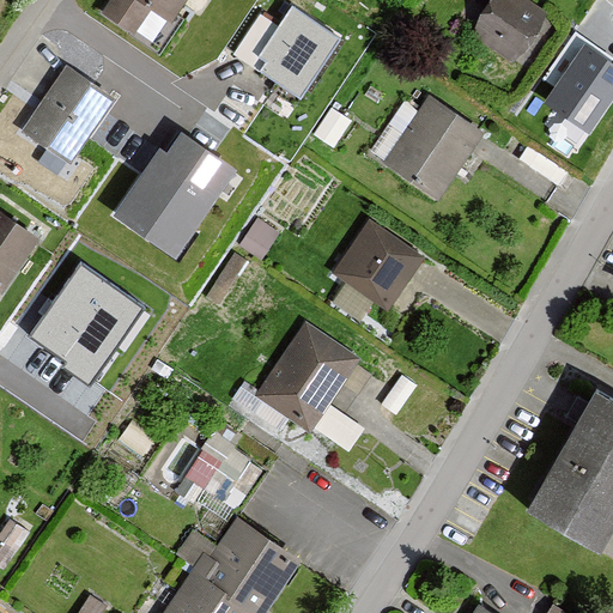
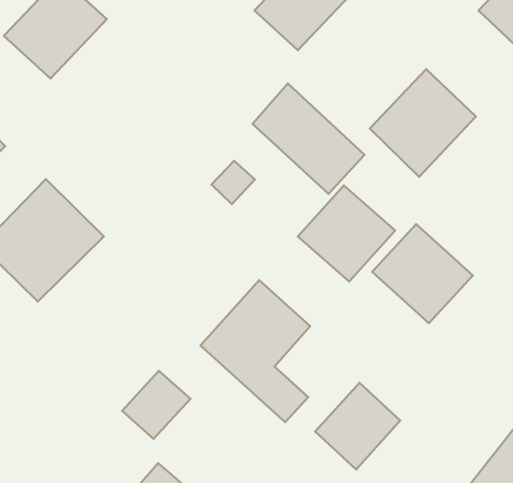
building: [116,123,237,248] -> none
building: none -> [253,84,365,194]
building: none -> [372,224,473,323]
building: none -> [315,383,400,469]

